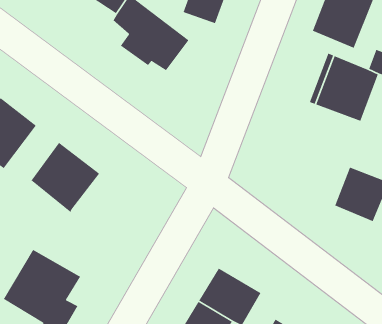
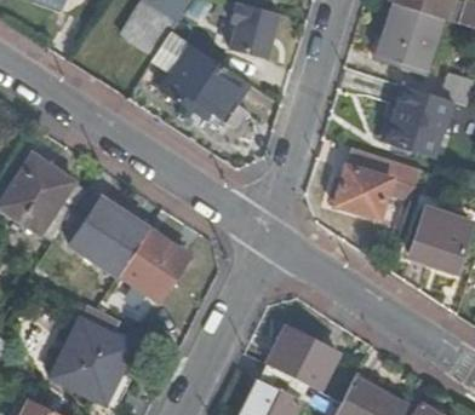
building: none -> [334,148,422,218]
building: none -> [119,229,190,302]

